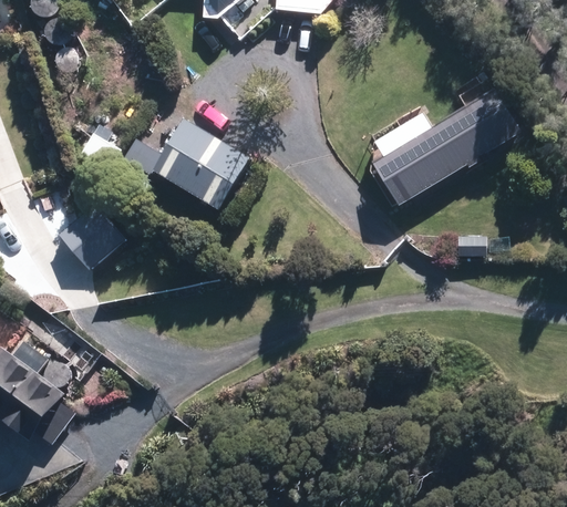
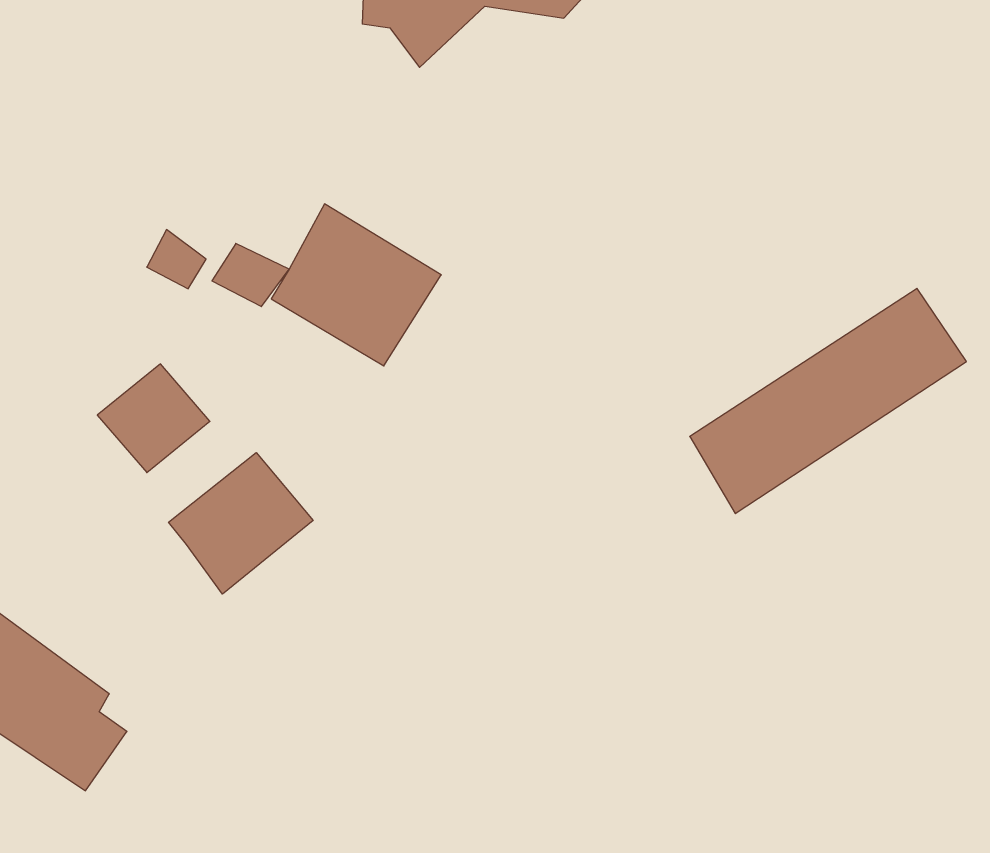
building: [374,81,529,207] -> [690,288,966,514]
building: none -> [169,453,313,594]

